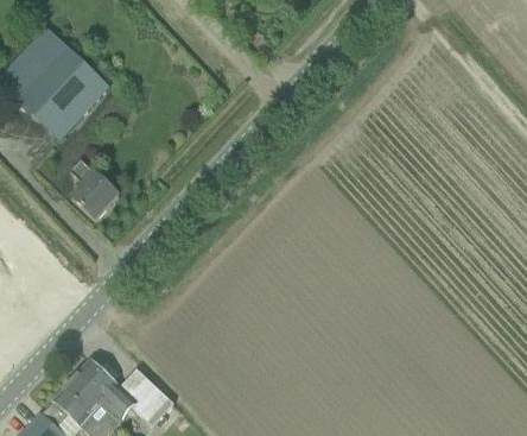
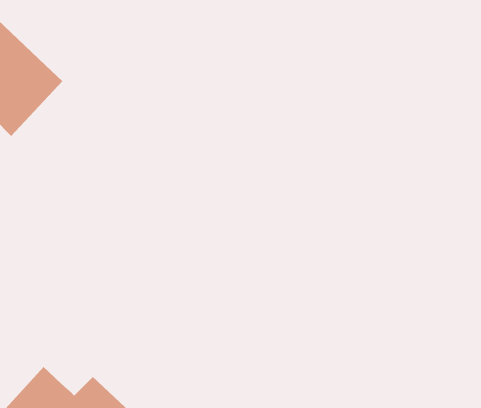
building: [71,158,120,220] -> none

